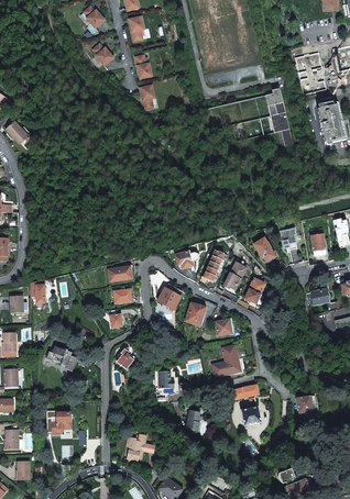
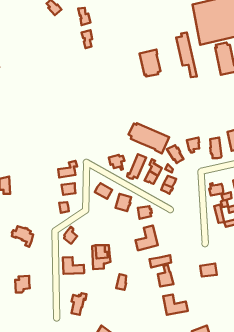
building: none -> [139,50,160,77]
building: none -> [129,123,169,154]
building: none -> [63,257,84,274]
building: none -> [163,294,188,315]

